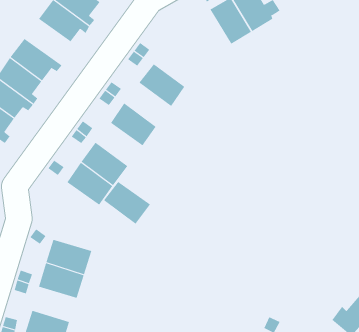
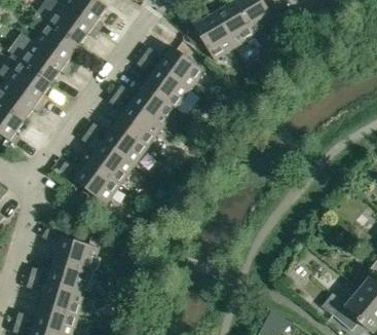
building: none -> [186,12,233,59]
building: none -> [33,22,78,67]
building: none -> [158,46,202,87]
building: none -> [129,83,176,126]
building: [103,181,151,225] -> [102,122,148,164]
building: none -> [40,282,84,315]

